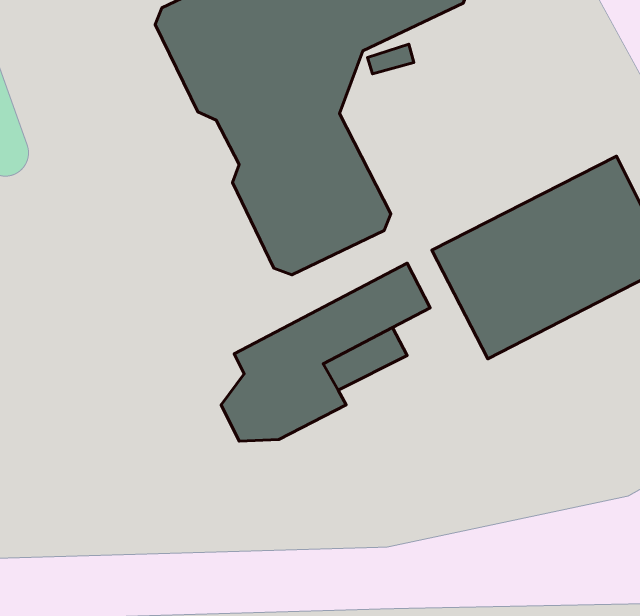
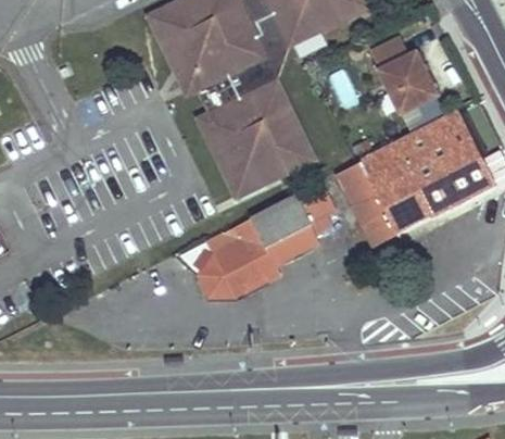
building: none -> [369,37,434,111]

